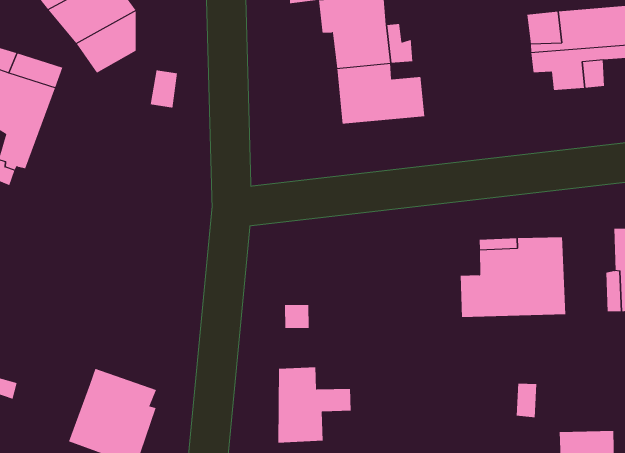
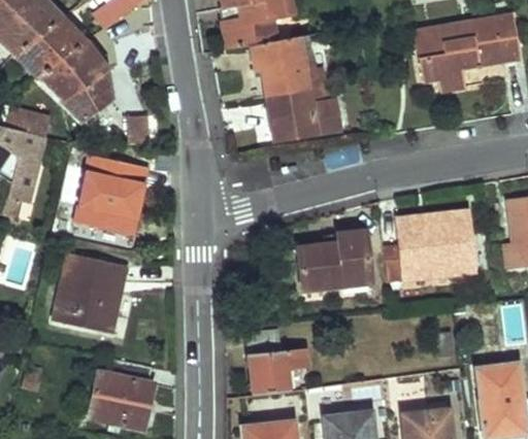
building: none -> [72,154,150,235]
building: none -> [51,252,128,333]
building: none -> [298,233,370,296]

